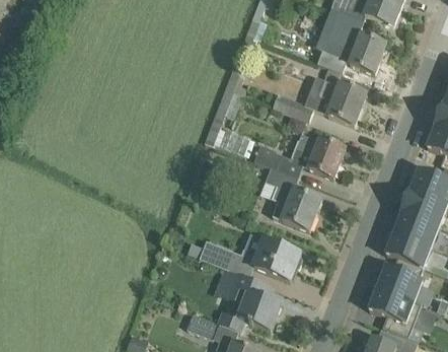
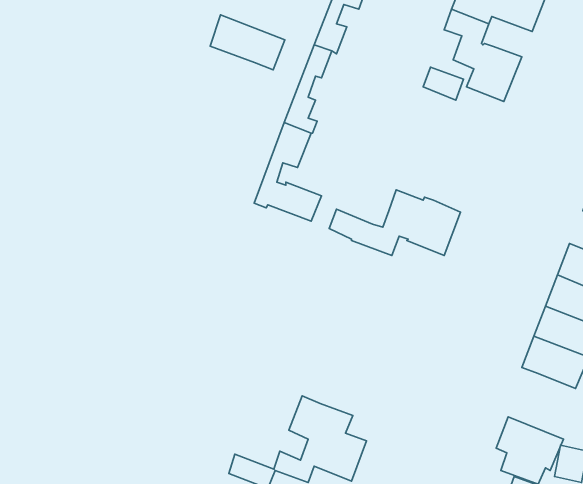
building: none -> [210,15,285,70]
building: [273,74,366,124] -> none
building: [266,166,321,229] -> none
building: [201,237,237,269] -> none
building: [238,237,302,279] -> none
building: [377,257,423,301] -> none

